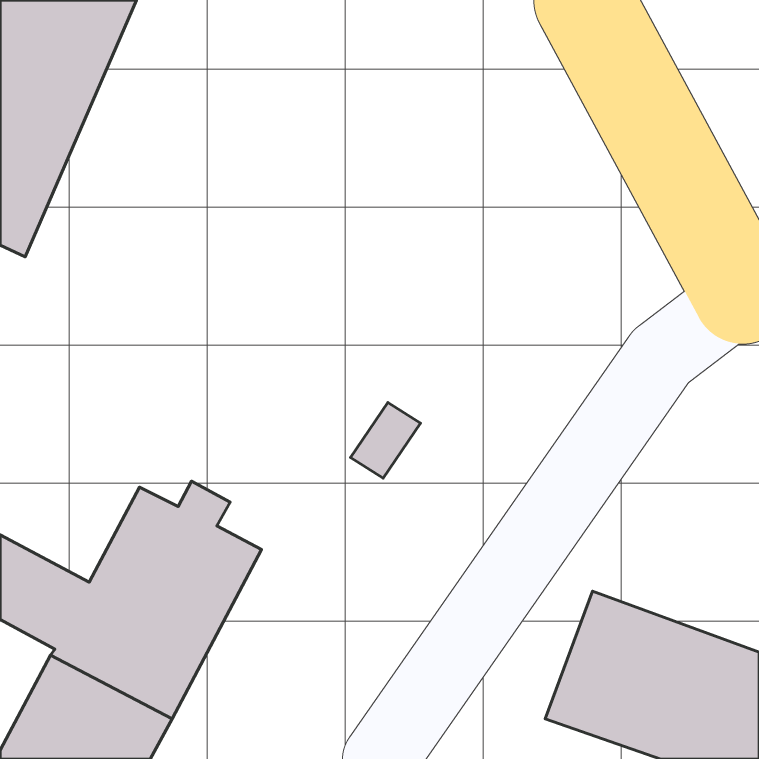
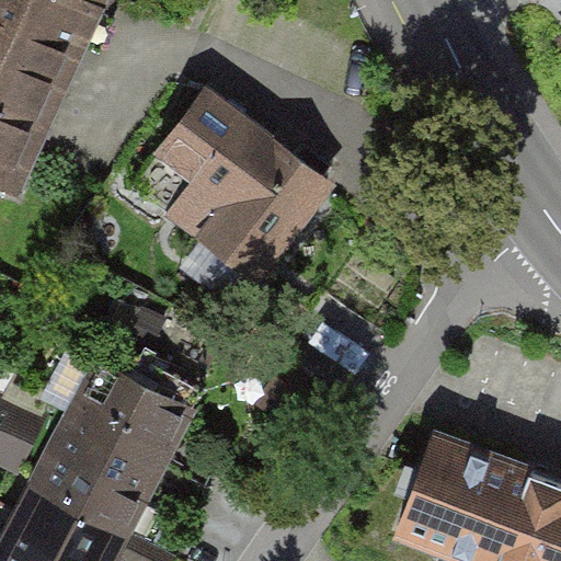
building: none -> [137,92,328,276]

